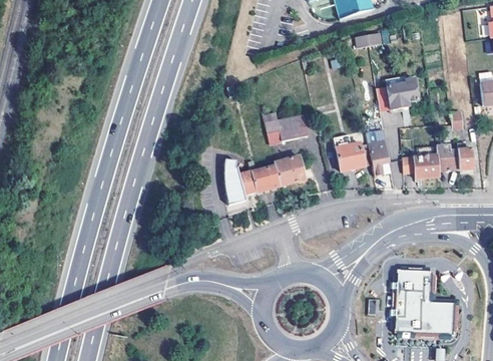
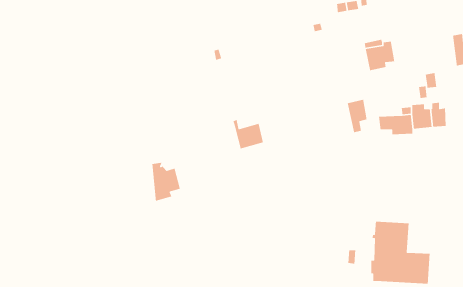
building: [262,111,308,142] -> none
building: [333,132,364,170] -> none
building: [275,155,306,186] -> none
building: [224,163,256,206] -> [151,162,181,202]

